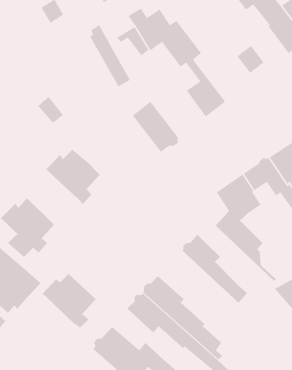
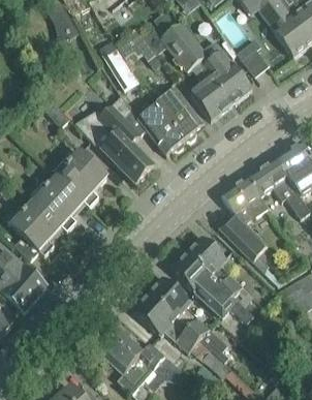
building: none -> [199,40,252,104]
building: none -> [156,89,204,141]
building: none -> [74,95,154,184]
building: none -> [170,252,255,325]
building: [42,273,97,328] -> [29,176,84,230]

